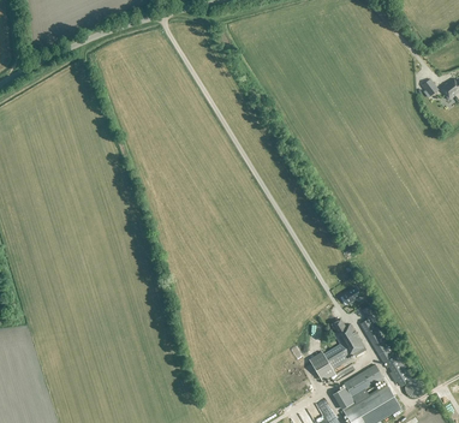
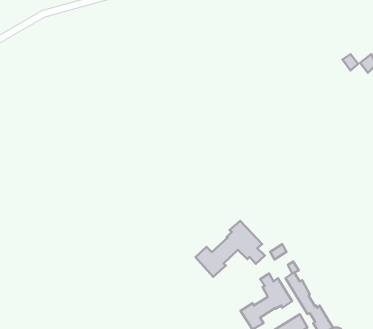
building: none -> [196,221,265,277]

